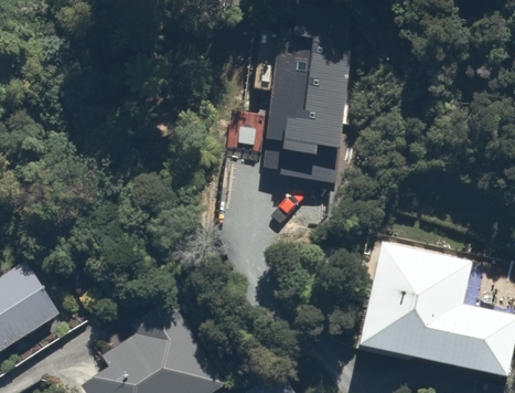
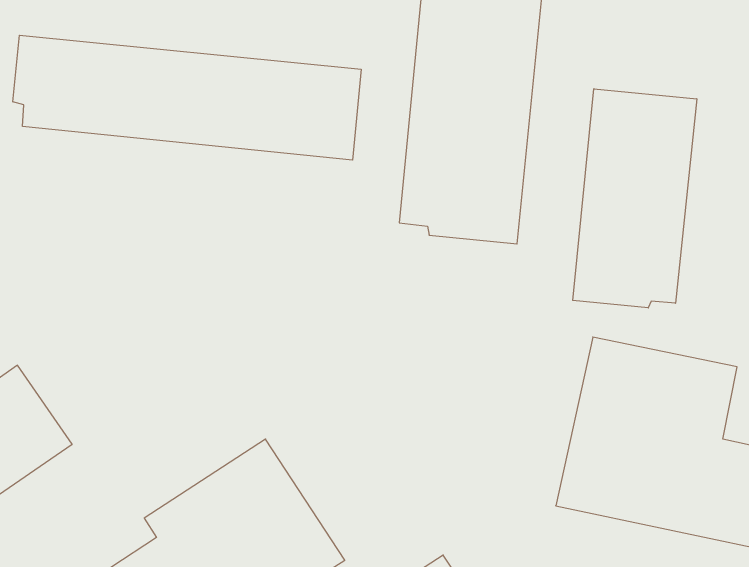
building: none -> [13,35,361,160]
building: none -> [573,89,697,308]

